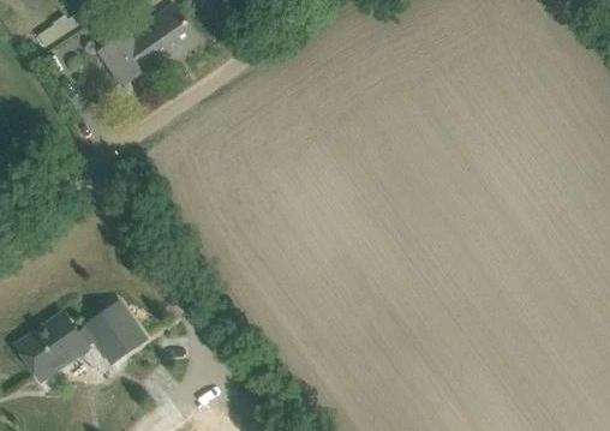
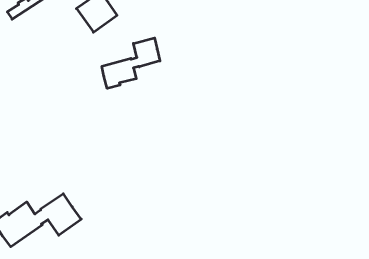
building: [97,30,161,85] -> none
building: none -> [102,38,160,88]

